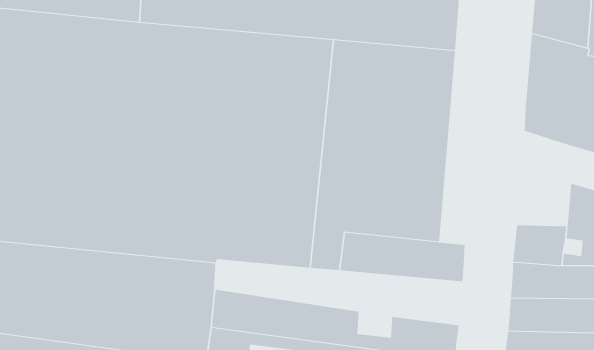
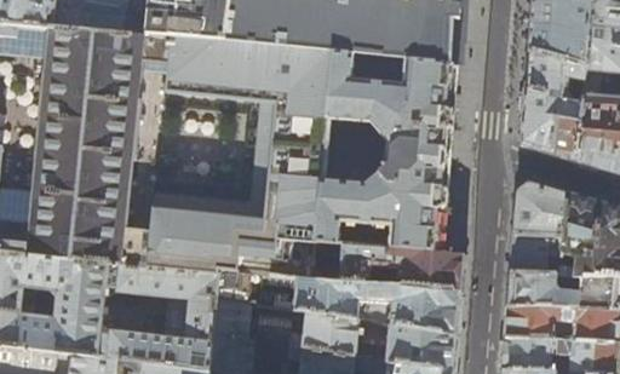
building: none -> [513,183,567,237]
building: none -> [218,270,461,334]

